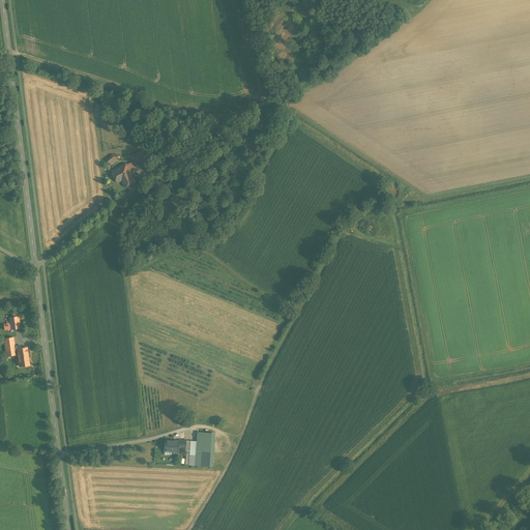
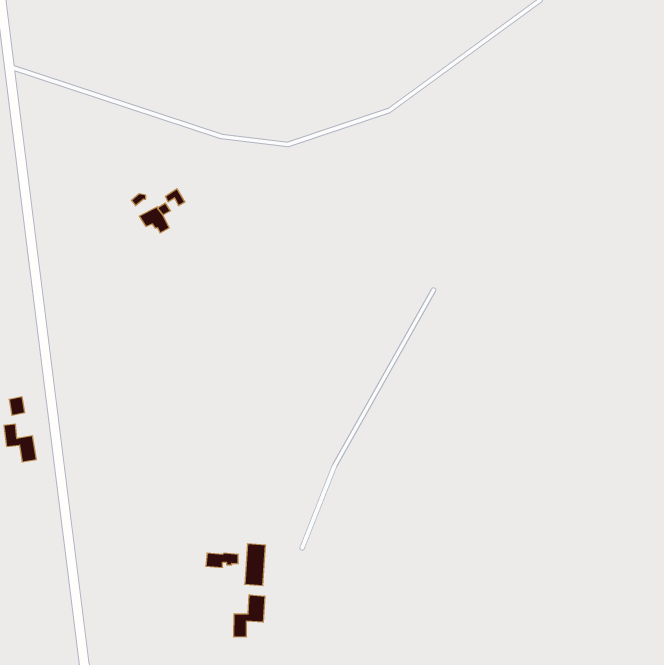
building: none -> [234,595,265,637]

